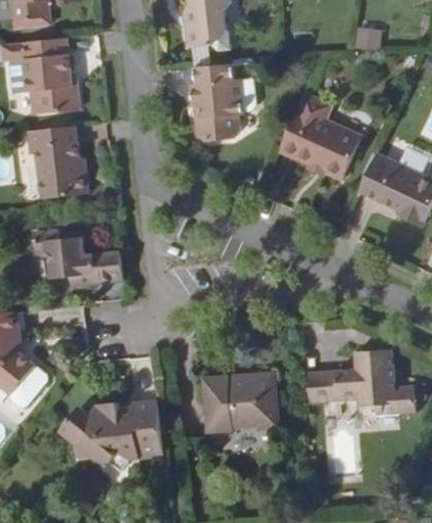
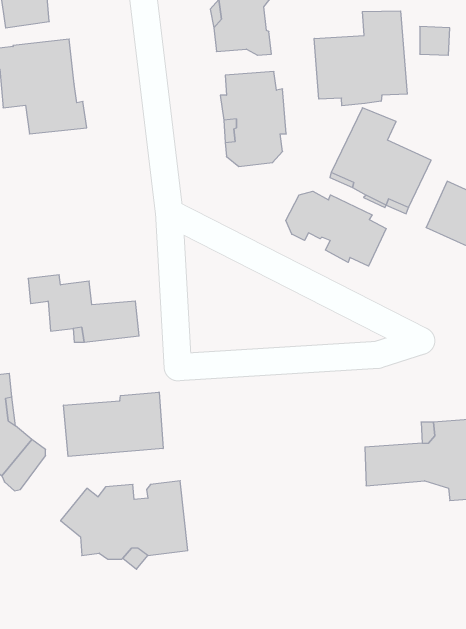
building: none -> [314,11,407,106]
building: [28,126,87,198] -> none
building: none -> [286,191,386,266]
building: none -> [64,392,163,456]
building: [202,372,278,432] -> none

